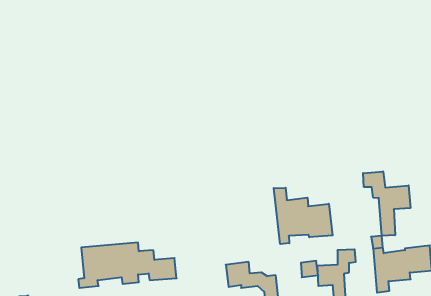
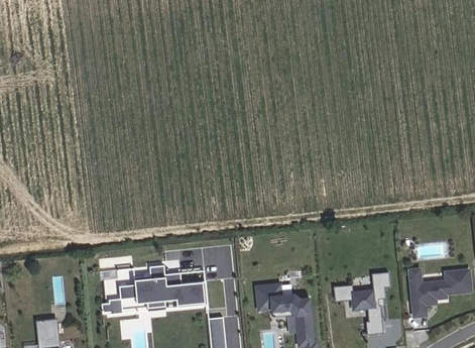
building: [363,171,410,236] -> none
building: [274,188,333,244] -> none

